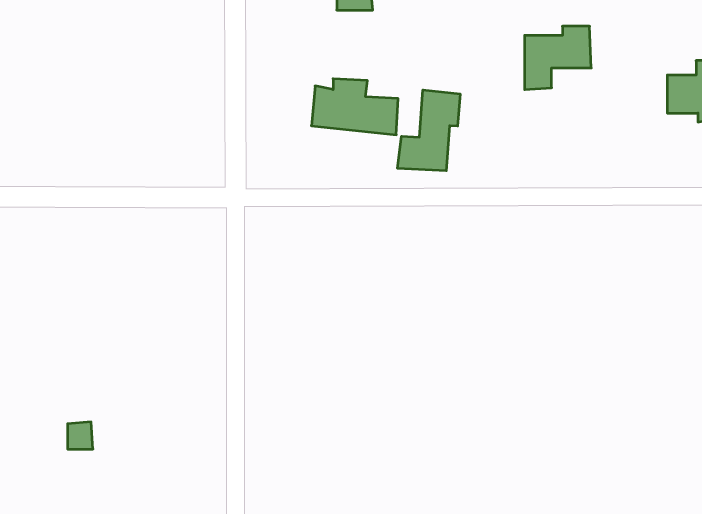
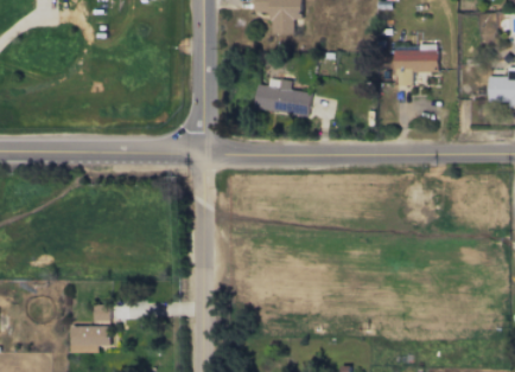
building: [398,90,460,171] -> none
building: none -> [70,326,109,353]

